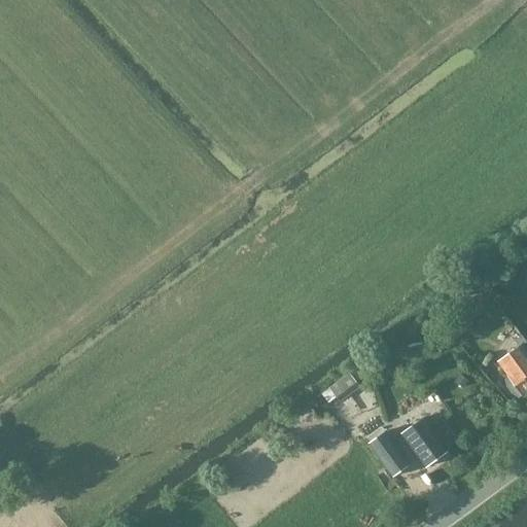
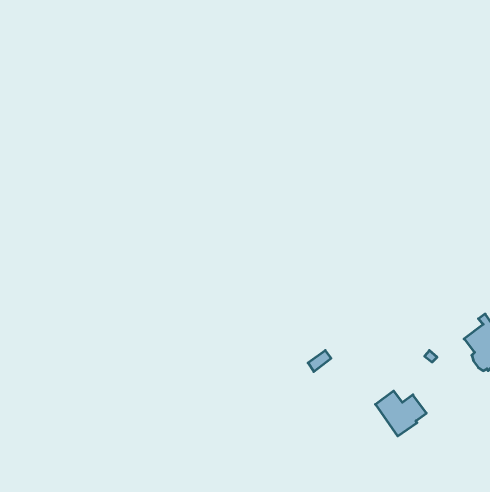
building: [368,430,411,478] -> none

